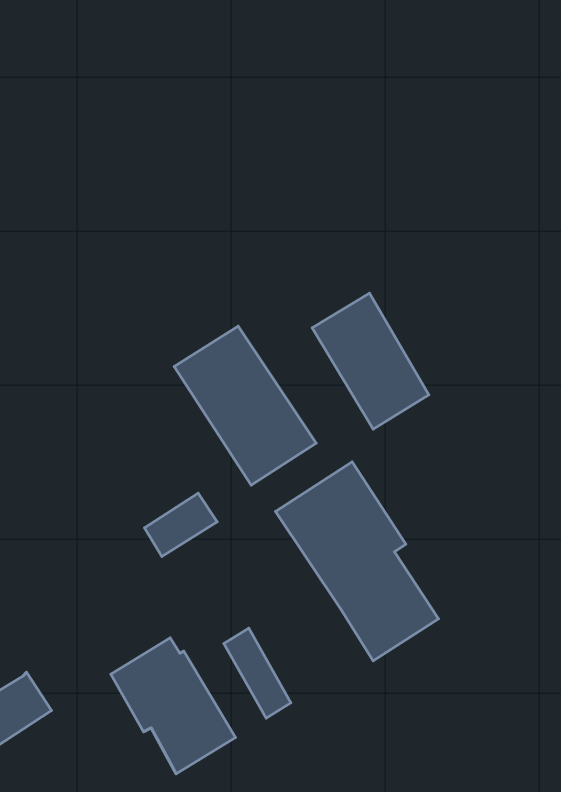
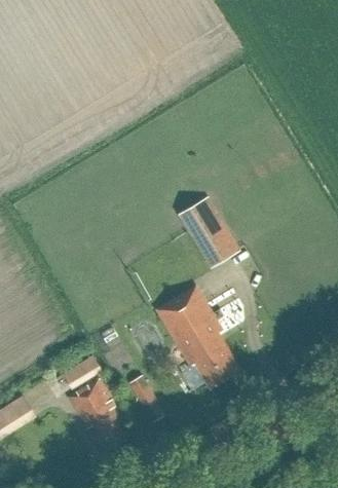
building: [174,326,316,485] -> none
building: [144,493,217,556] -> [62,354,101,388]

